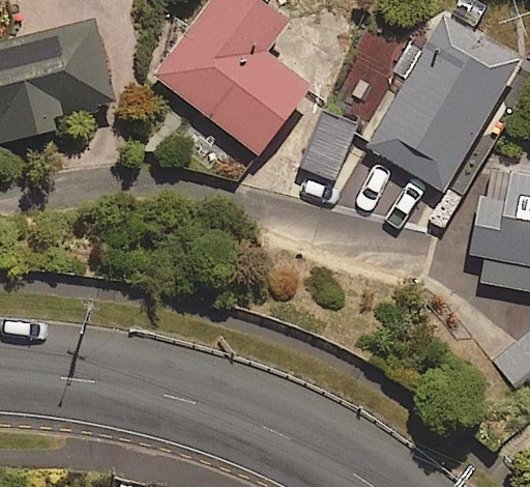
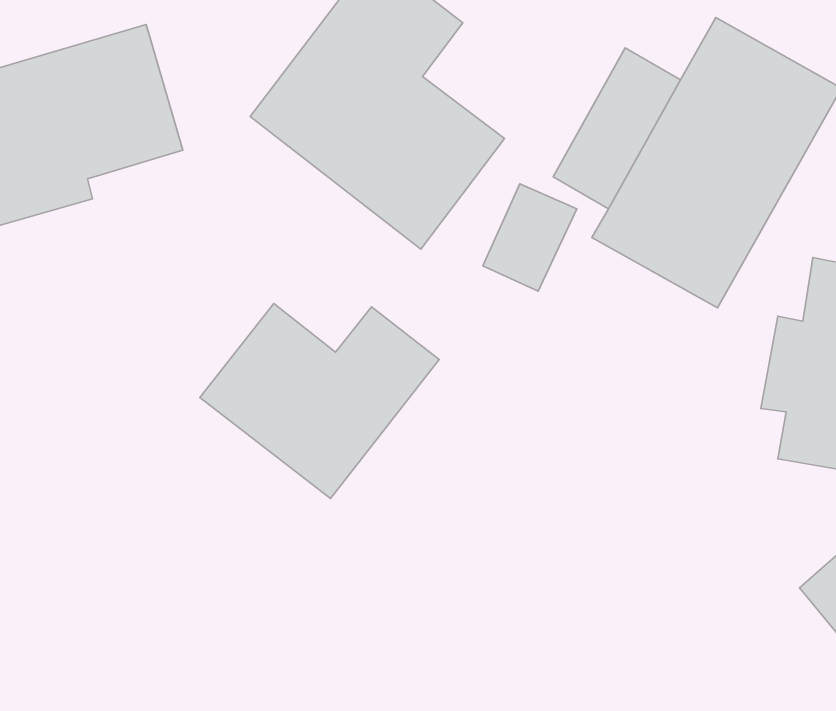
building: none -> [200,303,439,499]

